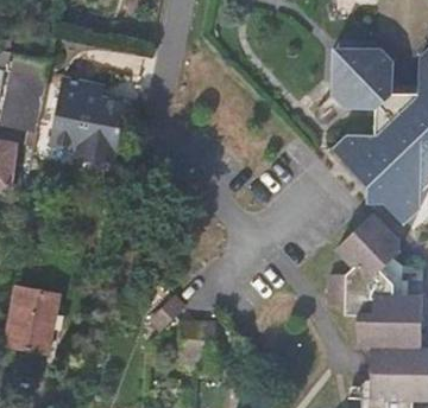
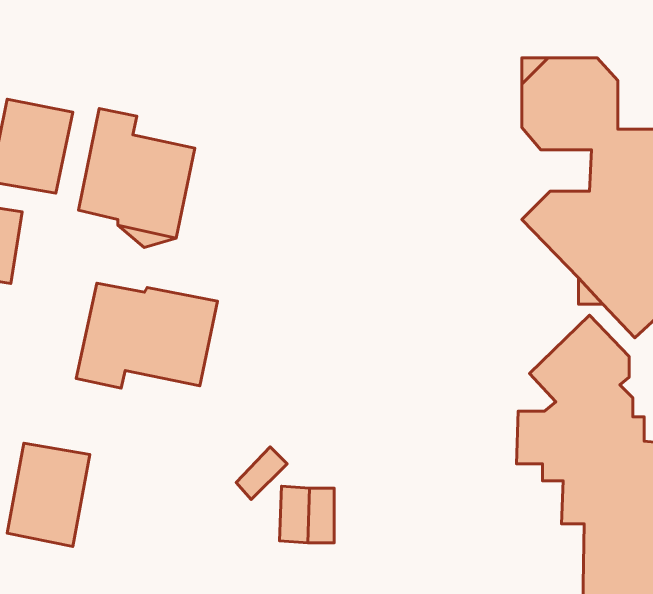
building: none -> [76,283,217,388]

